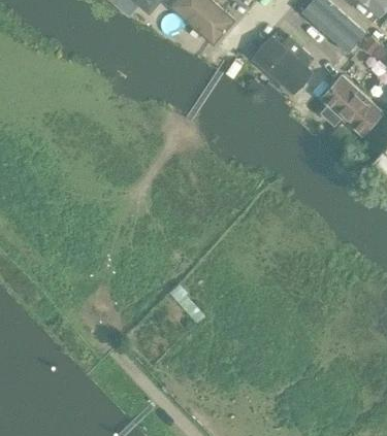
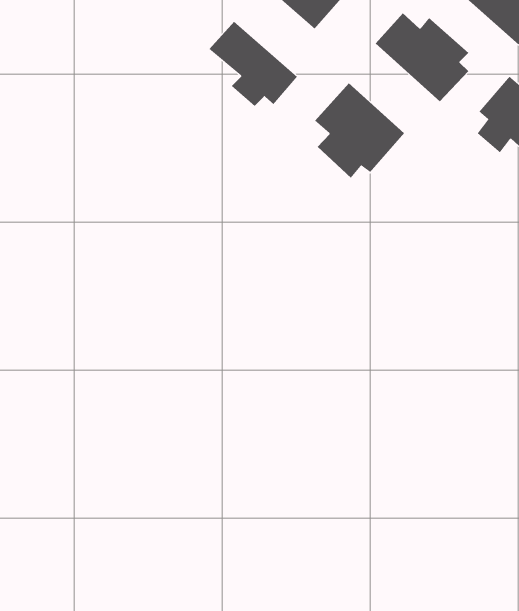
building: none -> [208,21,298,107]
building: none -> [314,82,405,178]

